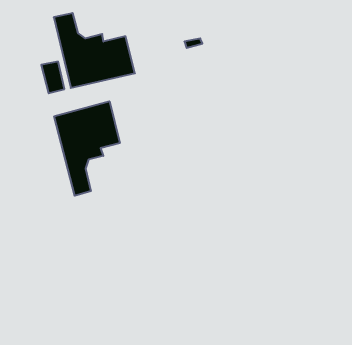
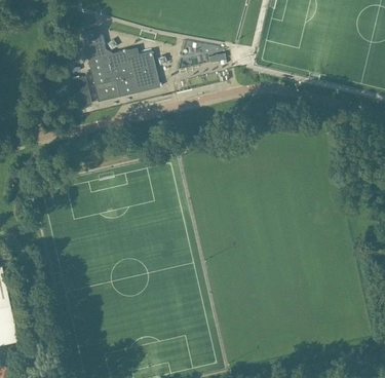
building: [54,101,120,196] -> none

